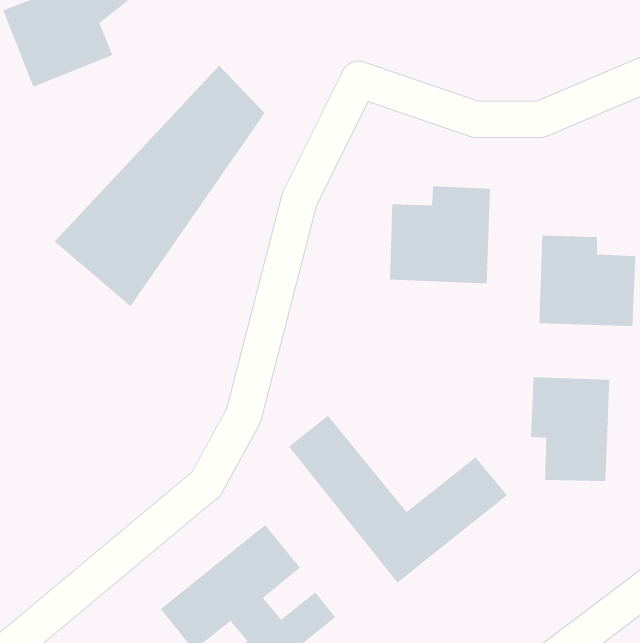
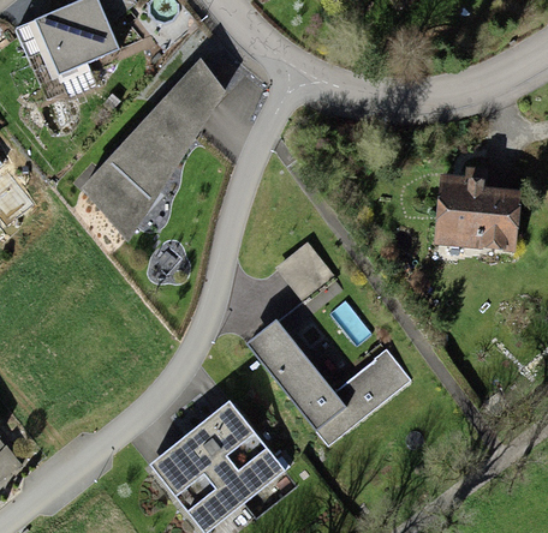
building: [390,186,491,284] -> none
building: [531,376,610,482] -> none

